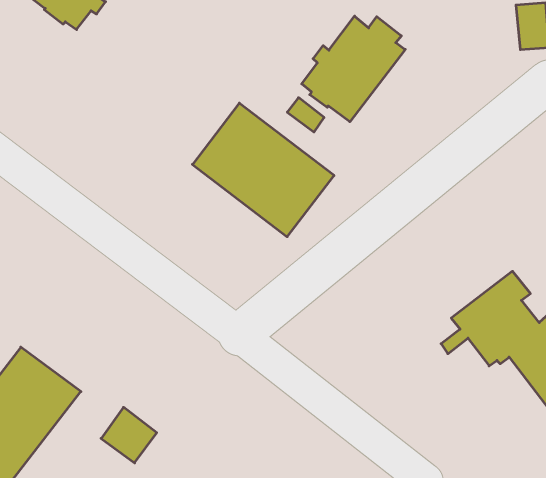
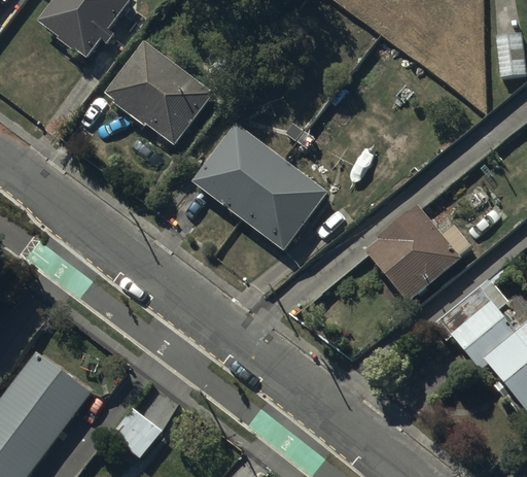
building: none -> [103,41,213,145]
building: [302,16,405,122] -> none
building: none -> [365,203,470,301]

